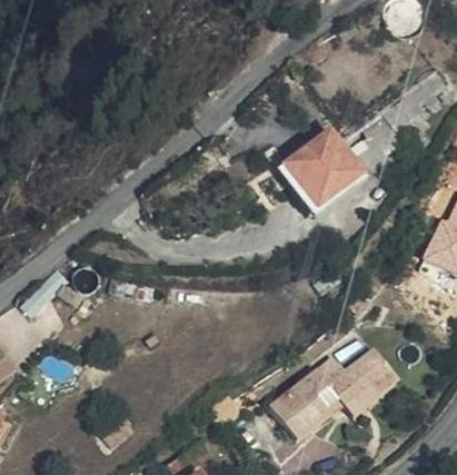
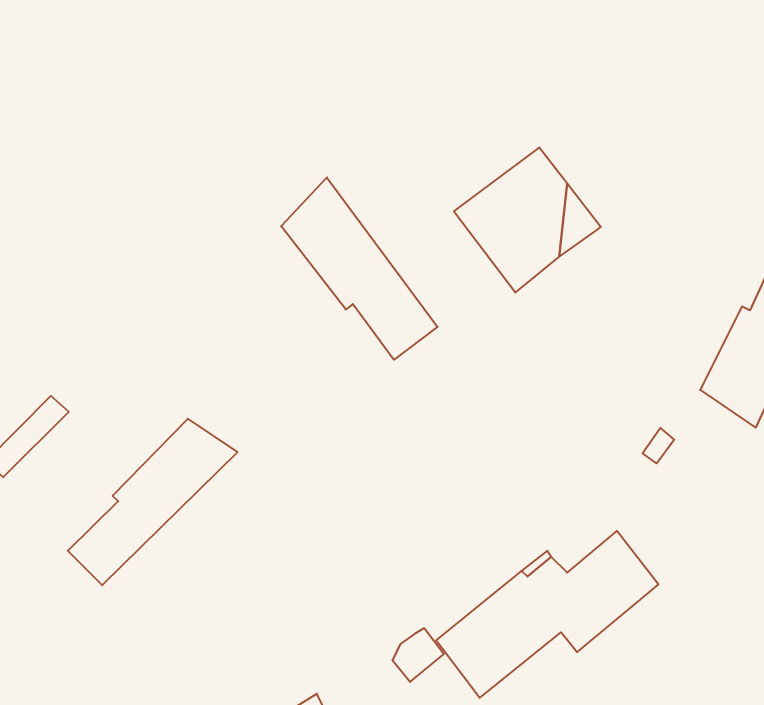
building: none -> [281,177,438,360]
building: none -> [68,419,237,585]

